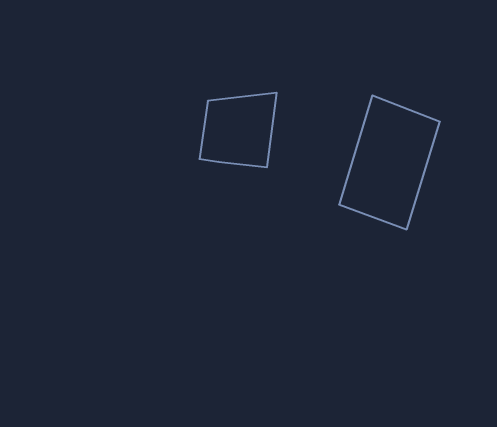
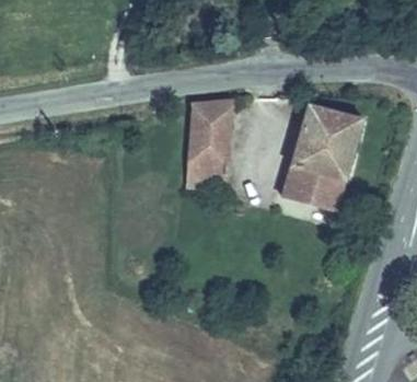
building: none -> [186,155,228,184]

